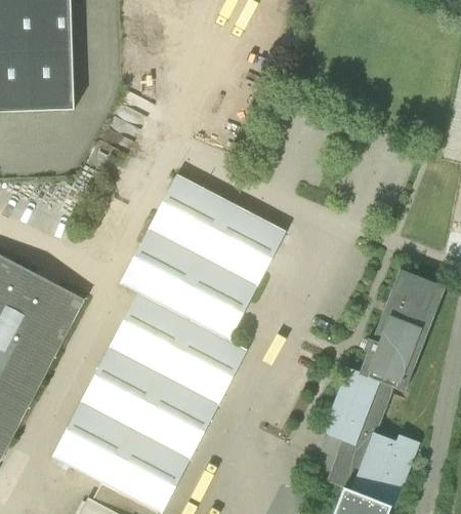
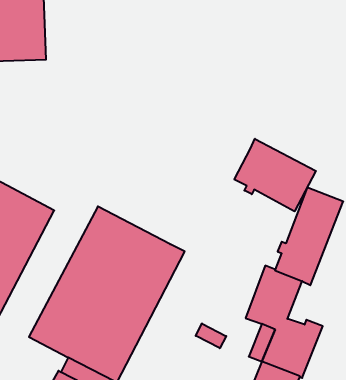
building: [120,173,286,340] -> none
building: none -> [234,139,316,211]
building: none -> [196,323,226,348]

